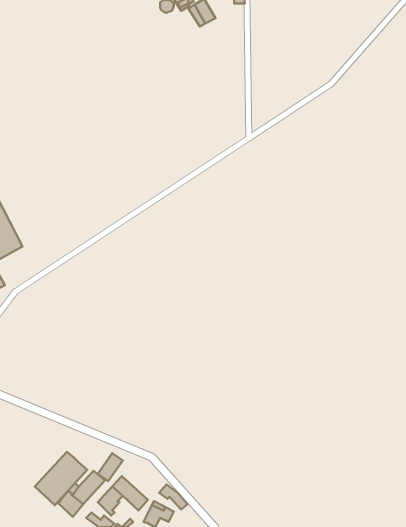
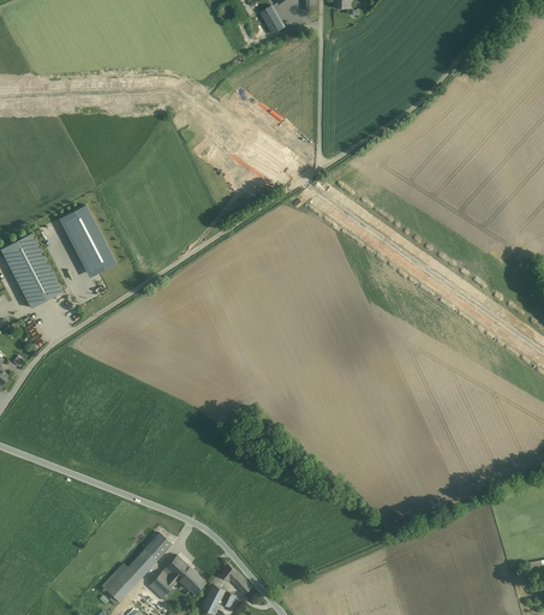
building: none -> [59,204,116,277]
building: [35,452,87,505] -> none

